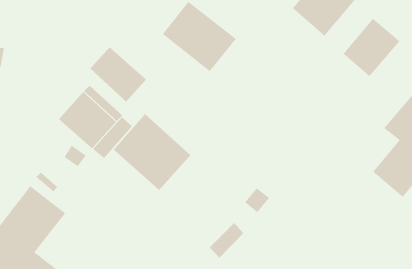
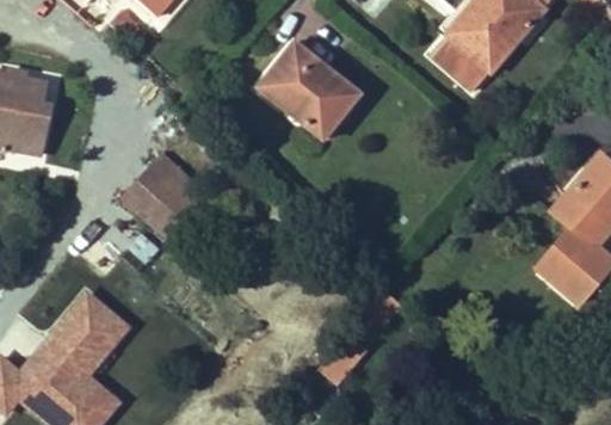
building: [342,18,401,77] -> none
building: [89,46,147,103] -> none
building: [113,113,191,191] -> none

